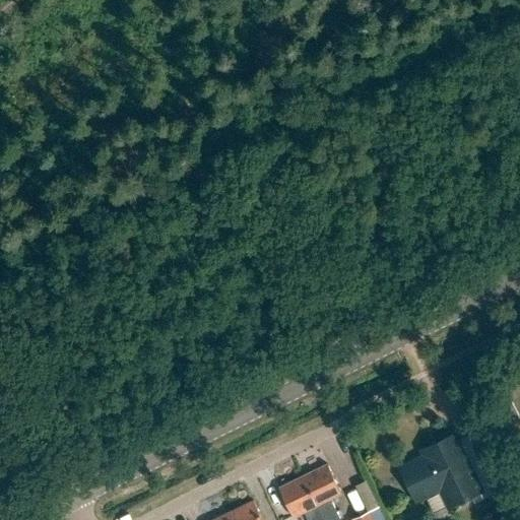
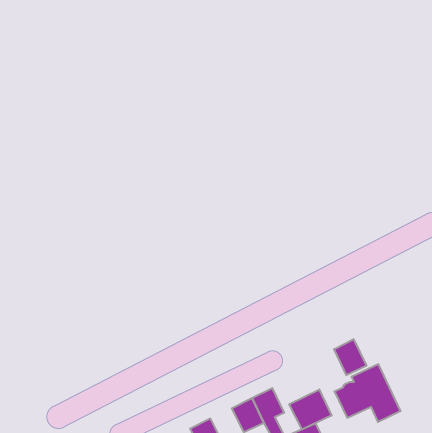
building: none -> [334,339,366,375]
building: none -> [289,389,332,429]

